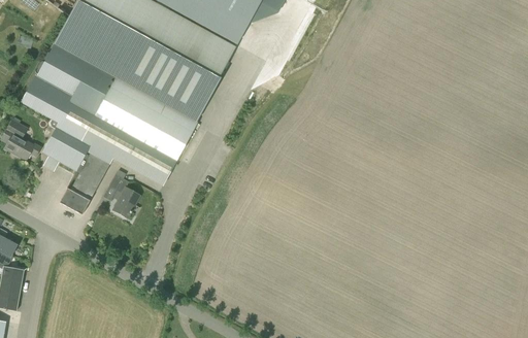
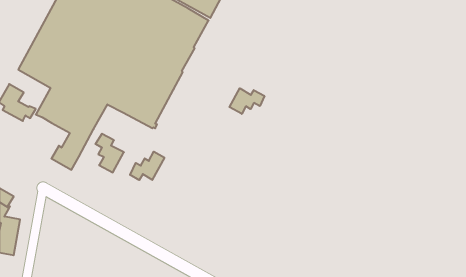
building: none -> [229,88,264,114]
building: none -> [130,152,164,180]

